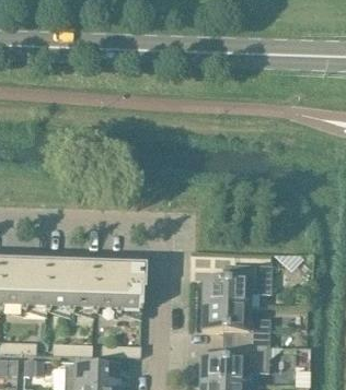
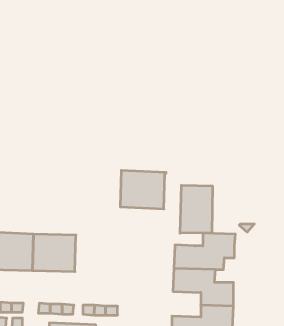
building: none -> [180,185,212,233]
building: [94,264,145,307] -> [120,170,166,209]

